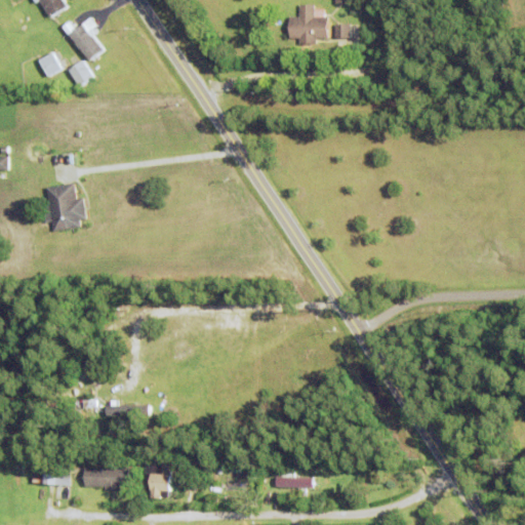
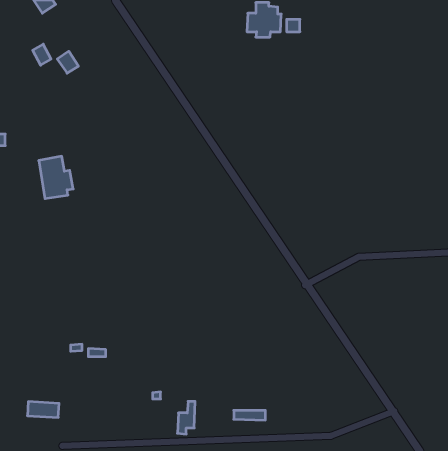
building: [68,23,102,59] -> none
building: [149,460,169,498] -> [177,401,195,434]
building: [84,468,127,489] -> none

